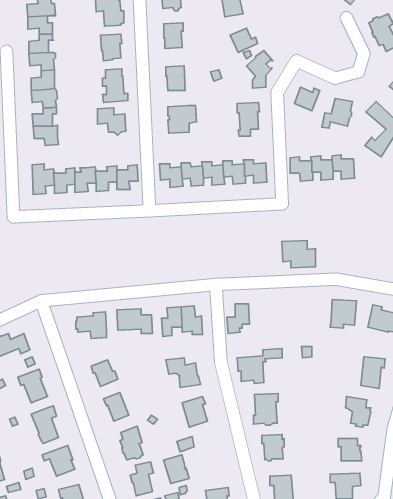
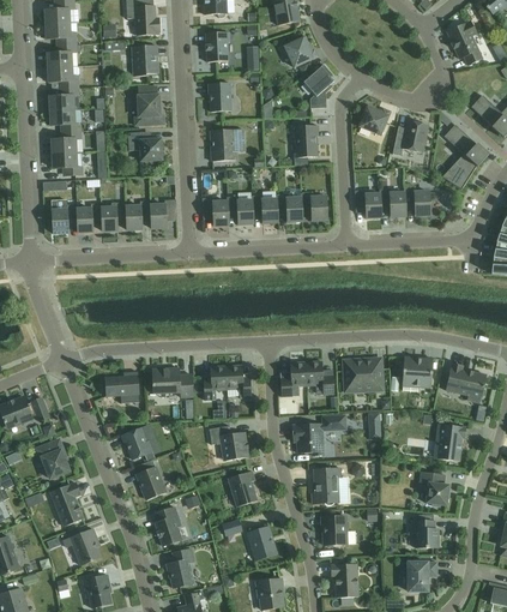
building: [282,240,315,268] -> [343,359,382,391]
building: none -> [306,361,334,395]
building: [164,455,189,484] -> [247,527,277,560]

